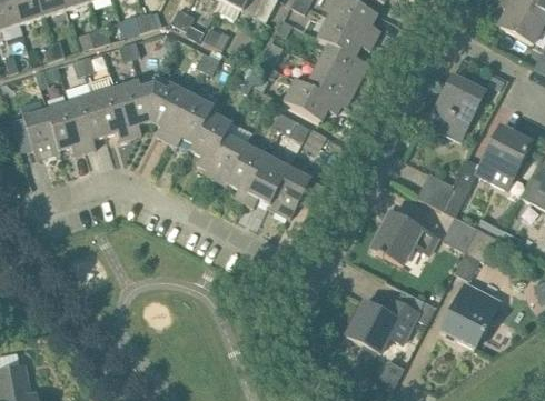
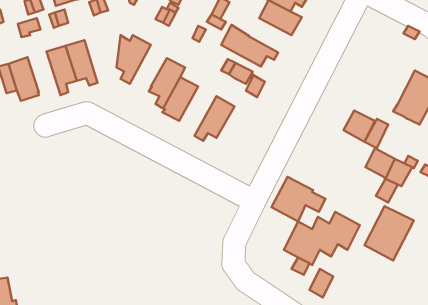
building: [306,62,356,103] -> none
building: [429,74,484,137] -> none
building: [113,79,156,138] -> none
building: [167,93,212,144] -> none
building: [47,101,86,156] -> none
building: [225,142,268,200] -> none
building: [268,166,310,217] -> none
building: [373,211,436,263] -> [271,177,326,221]

